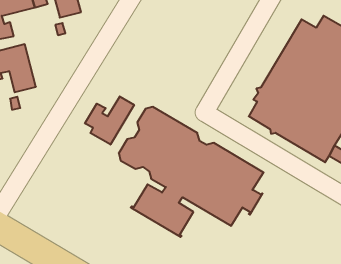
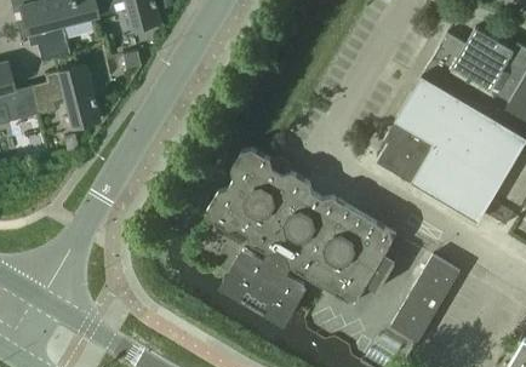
building: [85,96,134,145] -> none
building: none -> [391,256,461,343]

